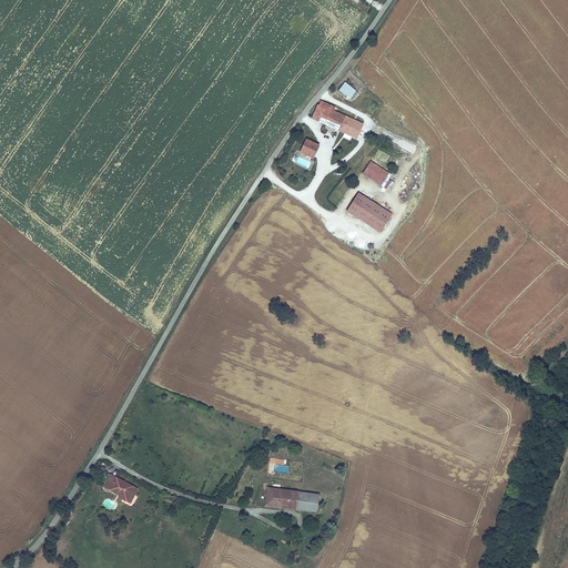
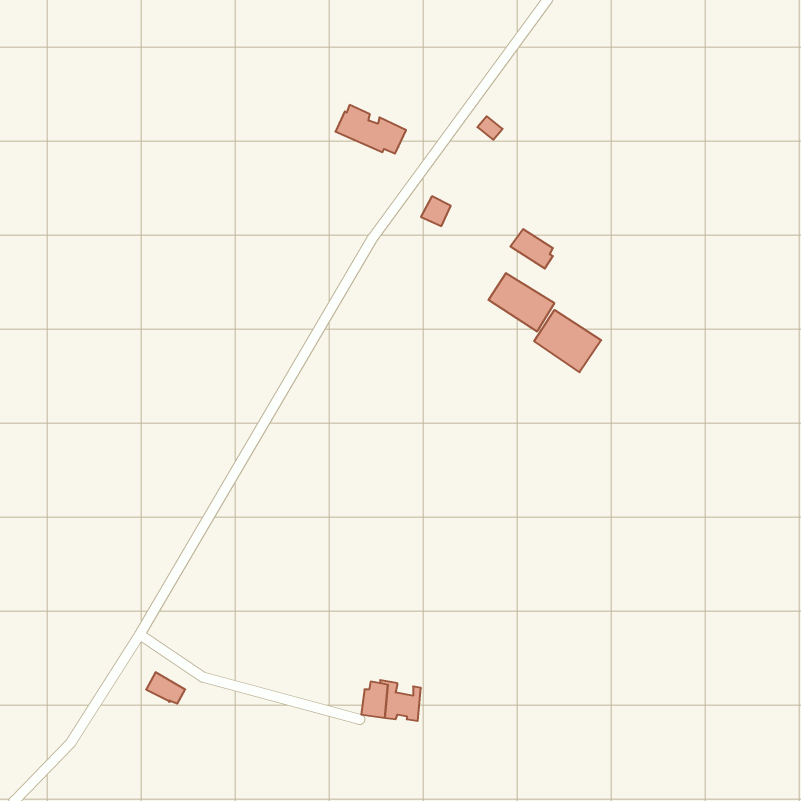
building: [311,100,361,134] -> [335,105,406,154]
building: none -> [534,310,601,372]
building: [296,486,320,511] -> none

